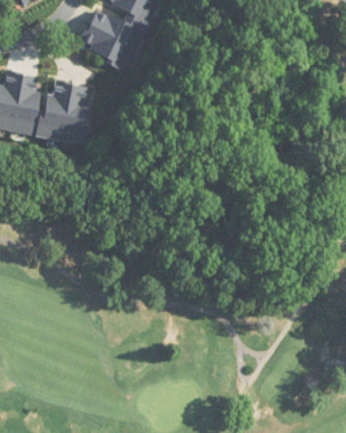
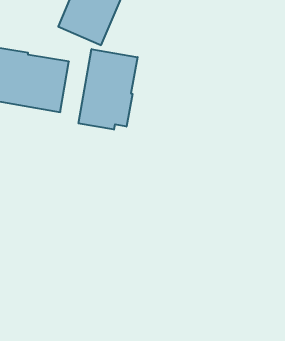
building: none -> [79,49,138,130]

